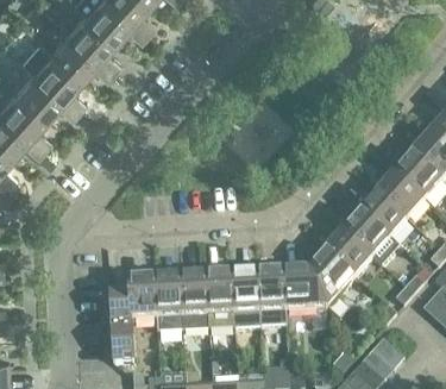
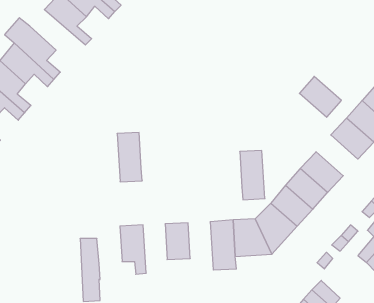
building: [52,27,115,76] -> none
building: [377,170,425,217] -> [299,76,341,117]
building: [232,269,260,325] -> [240,151,265,200]
building: [181,271,209,327] -> [117,133,142,182]
building: [127,274,157,316] -> none

